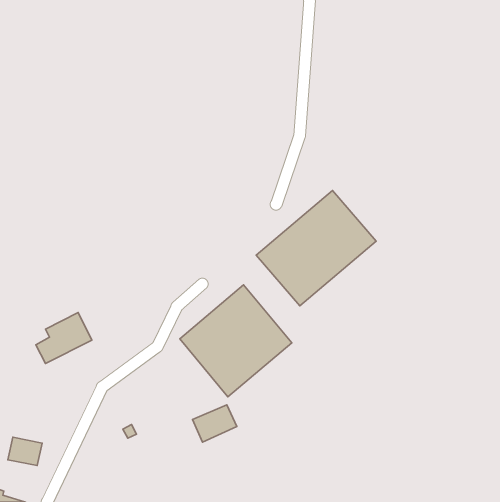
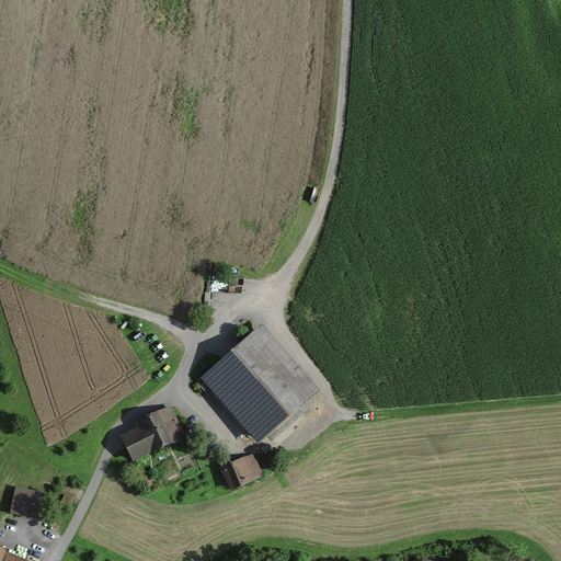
building: [256,191,376,306] -> none
building: [36,313,92,364] -> [122,404,184,461]

